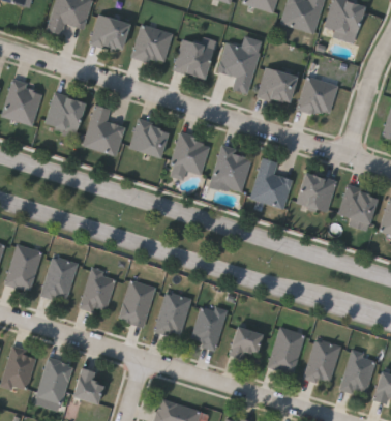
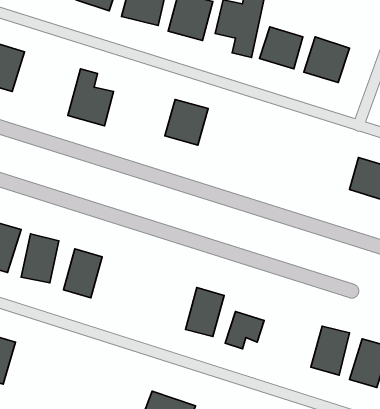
building: [46,93,85,133] -> none
building: [130,119,169,157] -> none
building: [212,146,253,191] -> none
building: [251,157,293,209] -> none
building: [296,172,336,212] -> none
building: [117,278,155,327] -> none
building: [154,291,190,336] -> none
building: [268,327,304,373] -> none
building: [35,357,72,404] -> none
building: [70,366,102,403] -> none

